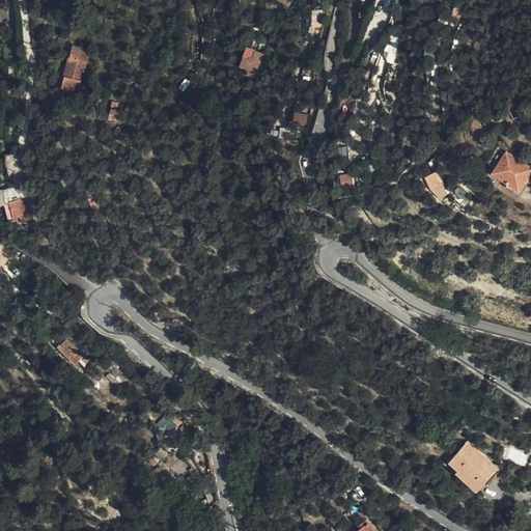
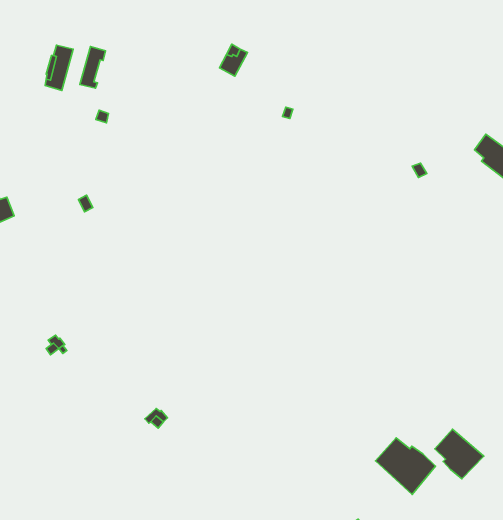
building: none -> [80,46,105,88]
building: none -> [376,438,436,494]

